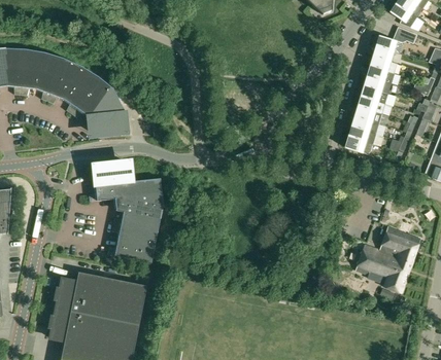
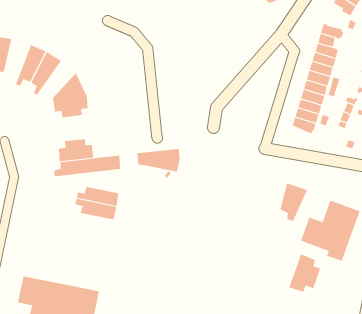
building: [35,51,63,101] -> none
building: [70,75,112,117] -> none
building: [113,192,162,218] -> [136,148,180,172]
building: none -> [280,182,308,222]
building: [106,240,154,262] -> none
building: [55,272,145,324] -> none
building: none -> [288,254,321,293]

